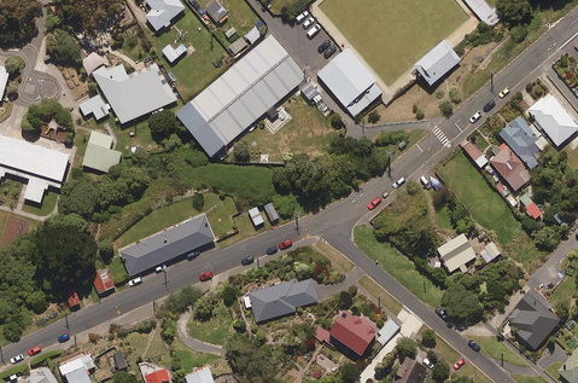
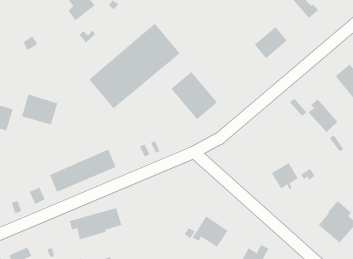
building: [316,48,384,118] -> [171,71,218,120]
building: [78,63,176,124] -> none
building: [500,116,547,169] -> none
building: [241,275,317,323] -> [69,207,122,240]

